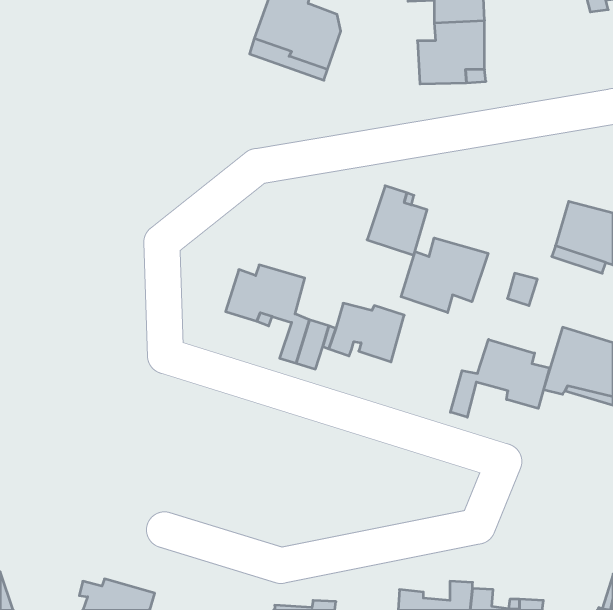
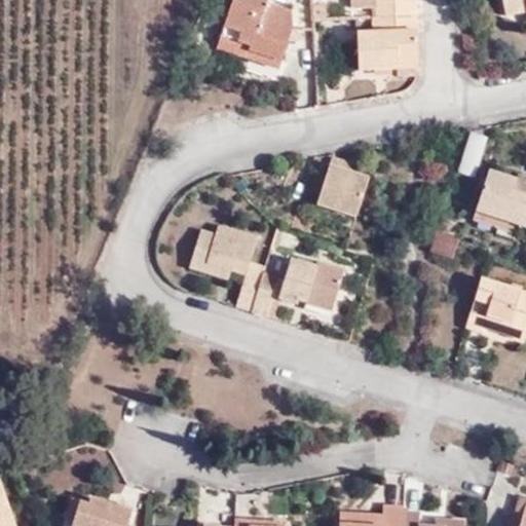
building: [401,238,488,313] -> none
building: [450,339,549,417] -> none

